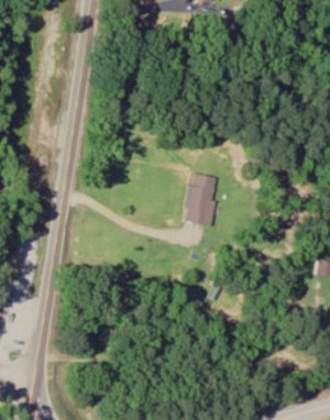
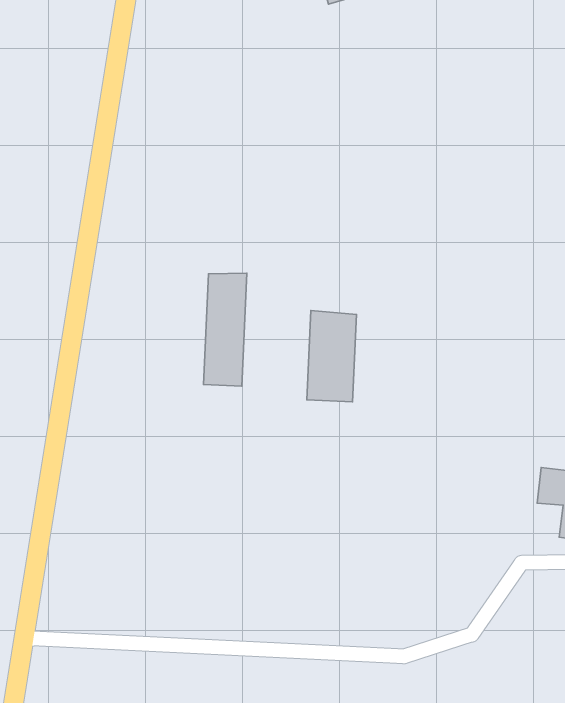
building: none -> [204,273,247,386]

